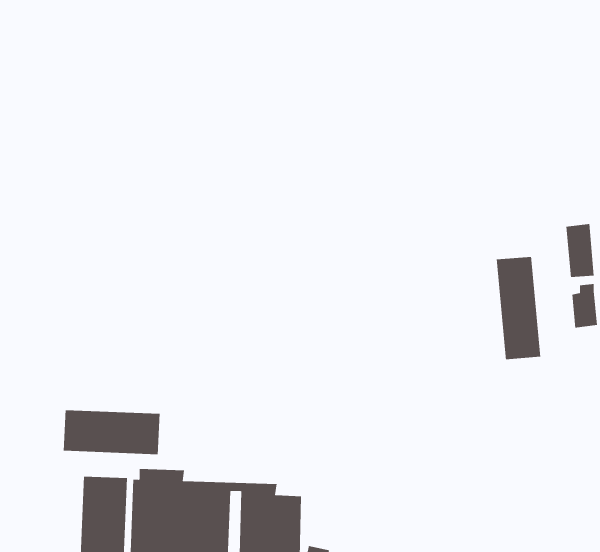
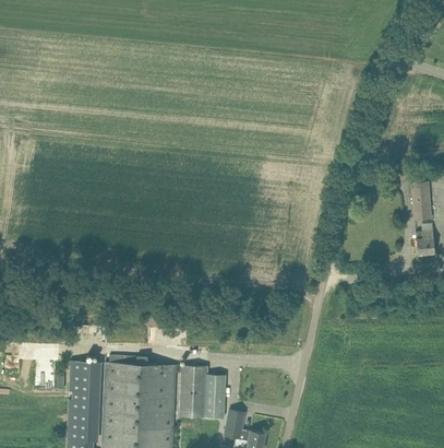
building: [496,256,541,360] -> none
building: [63,409,160,455] -> none

